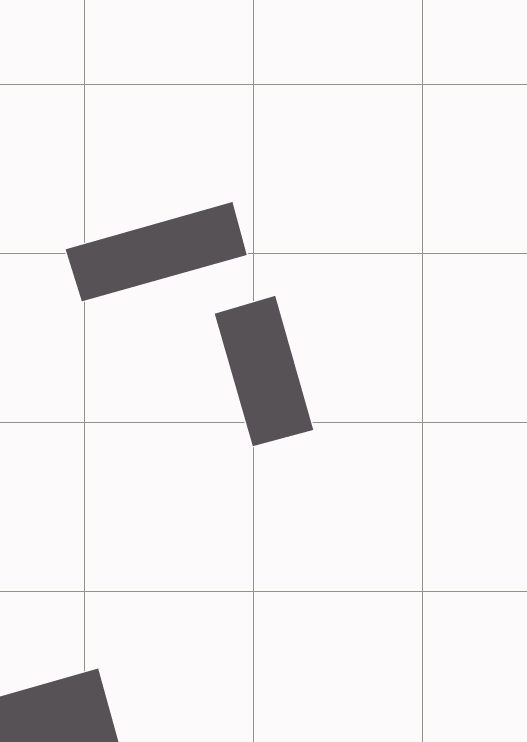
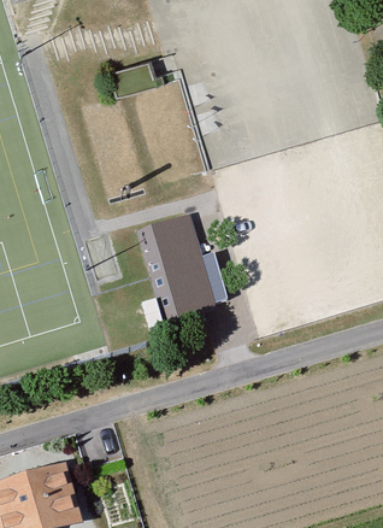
building: [65,201,248,302] -> none

